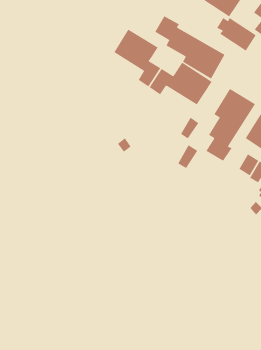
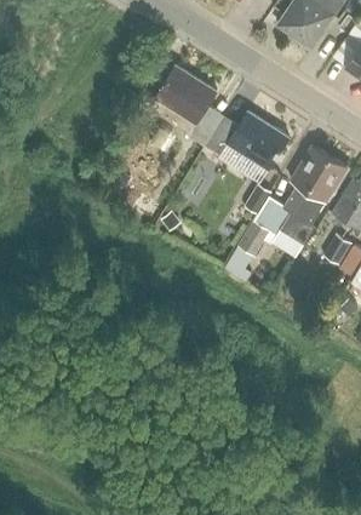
building: [154,15,225,79] -> none
building: [217,17,257,51] -> none

